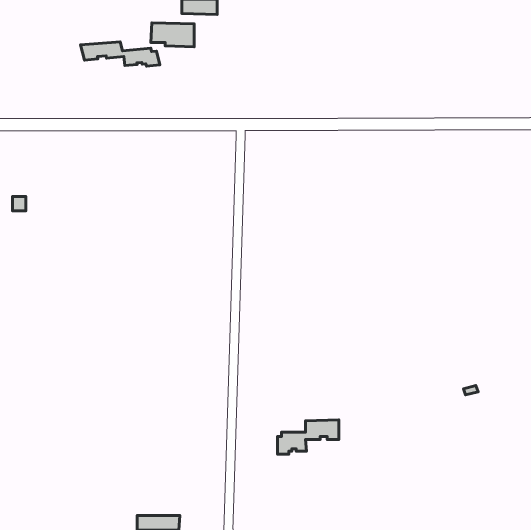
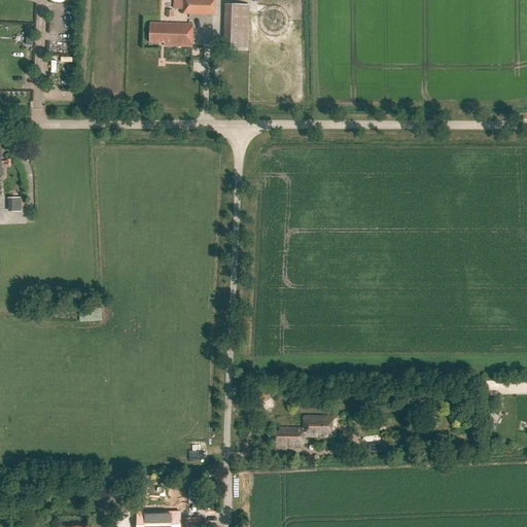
building: none -> [224,4,249,48]
building: [81,42,160,66] -> none

